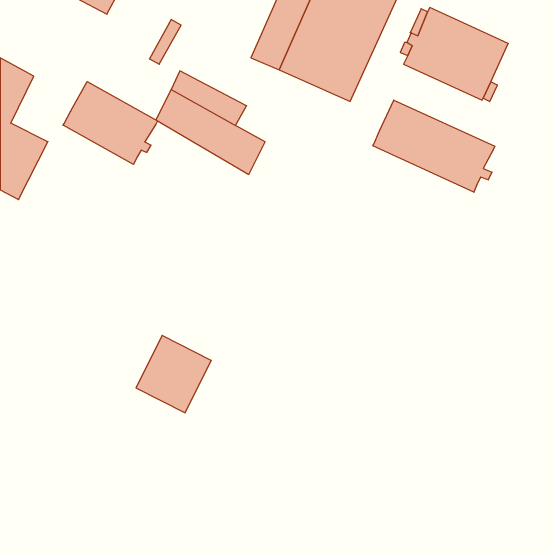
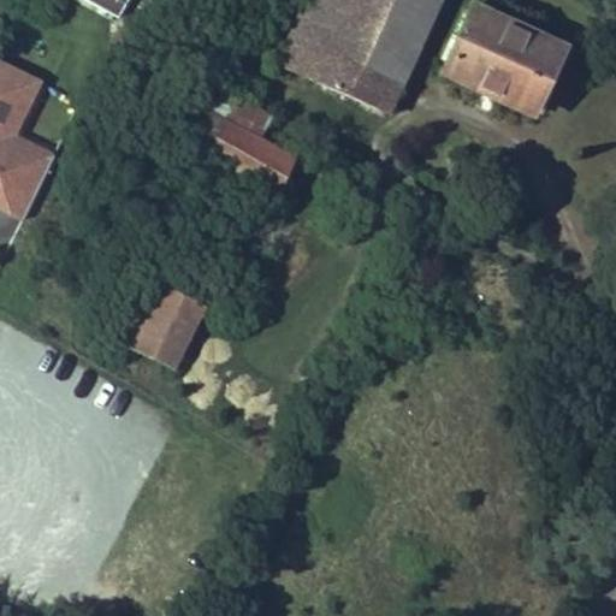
building: [63,82,158,164] -> none
building: [373,100,495,192] -> none
building: [136,335,211,413] -> [122,278,205,363]

